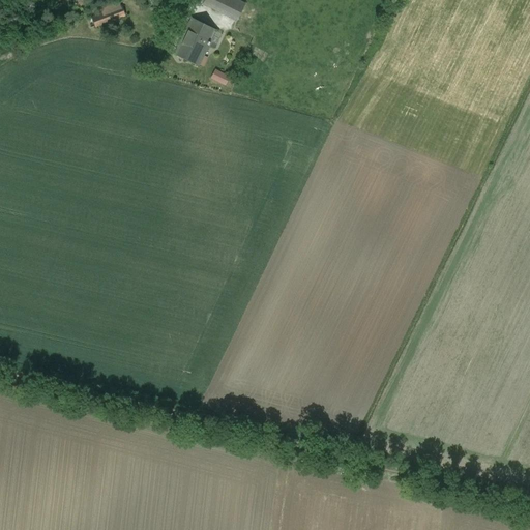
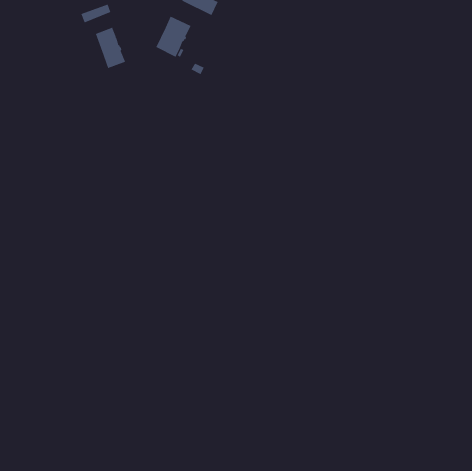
building: none -> [95,27,126,69]

